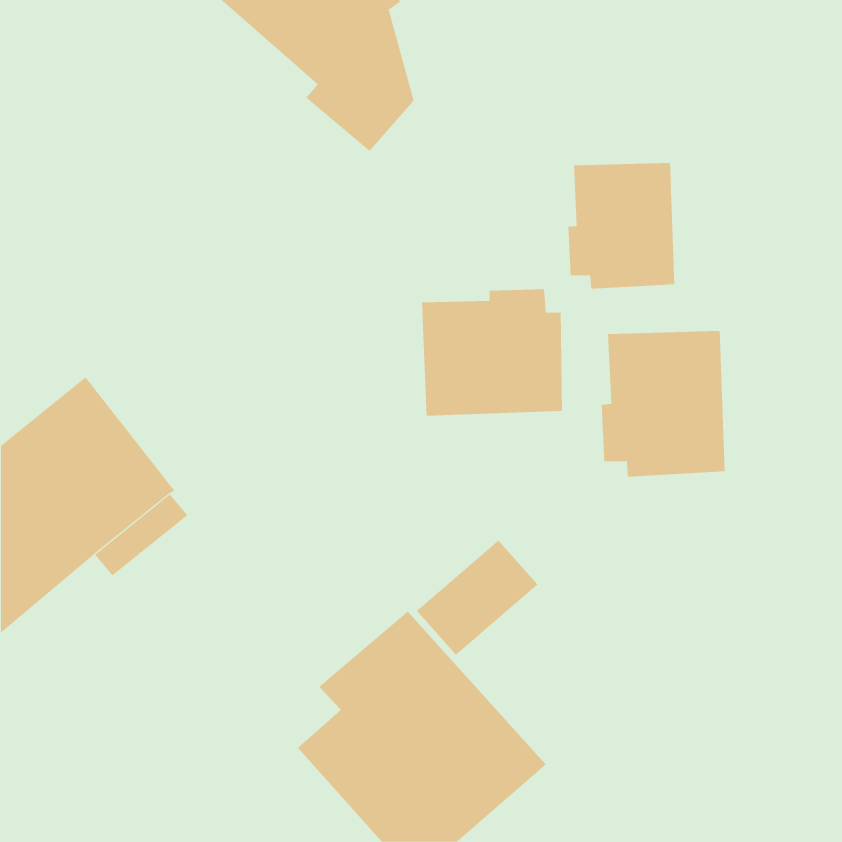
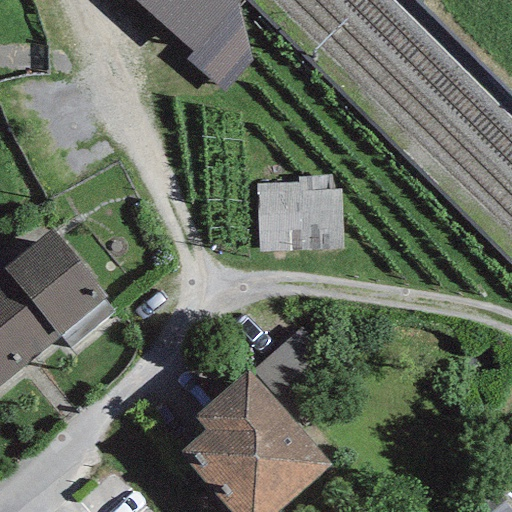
building: [568,162,675,289] -> none
building: [601,330,725,477] -> none

